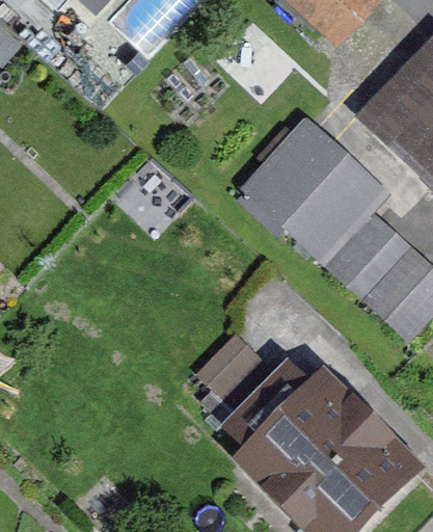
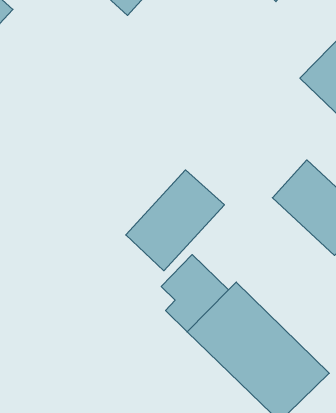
building: [246,119,382,255] -> none
building: none -> [126,170,224,271]

